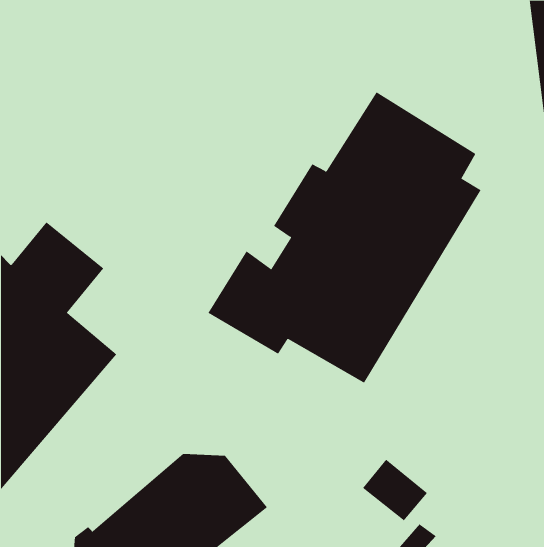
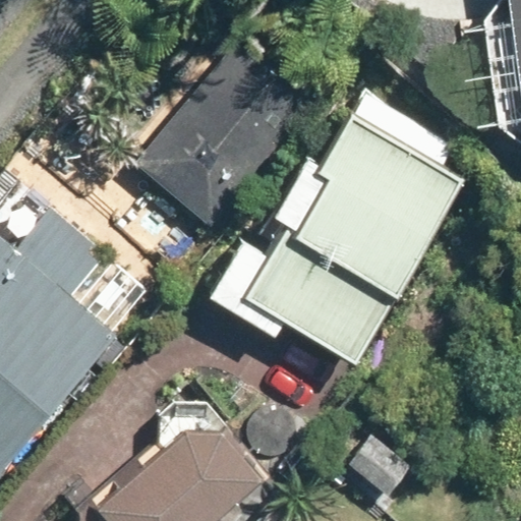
building: none -> [138,40,320,227]

